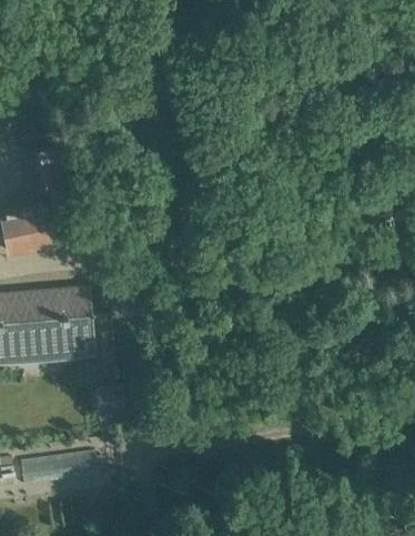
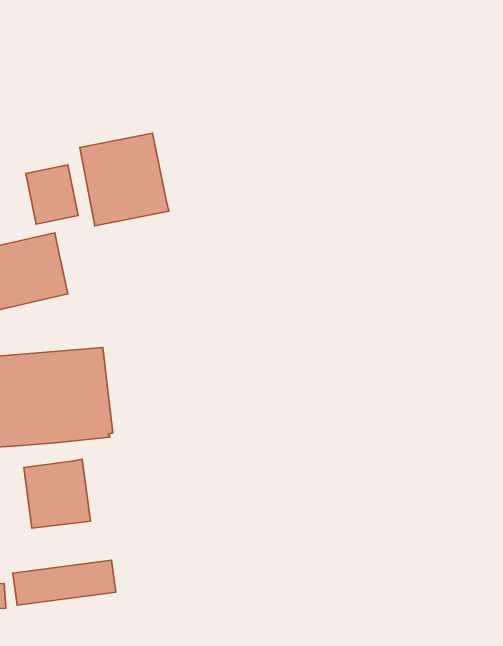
building: none -> [80,133,169,226]
building: none -> [24,459,90,528]

